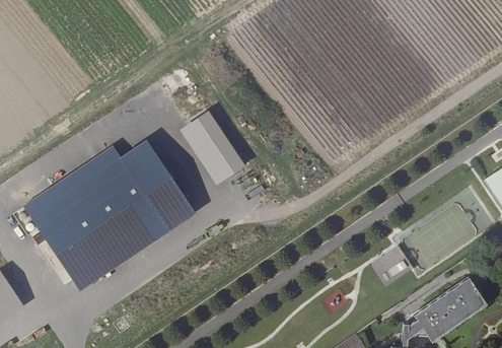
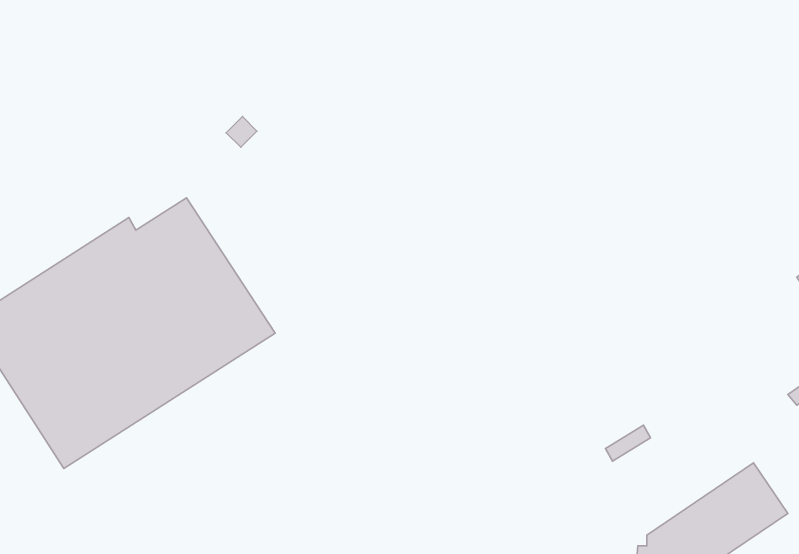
building: [182,111,243,182] -> none

